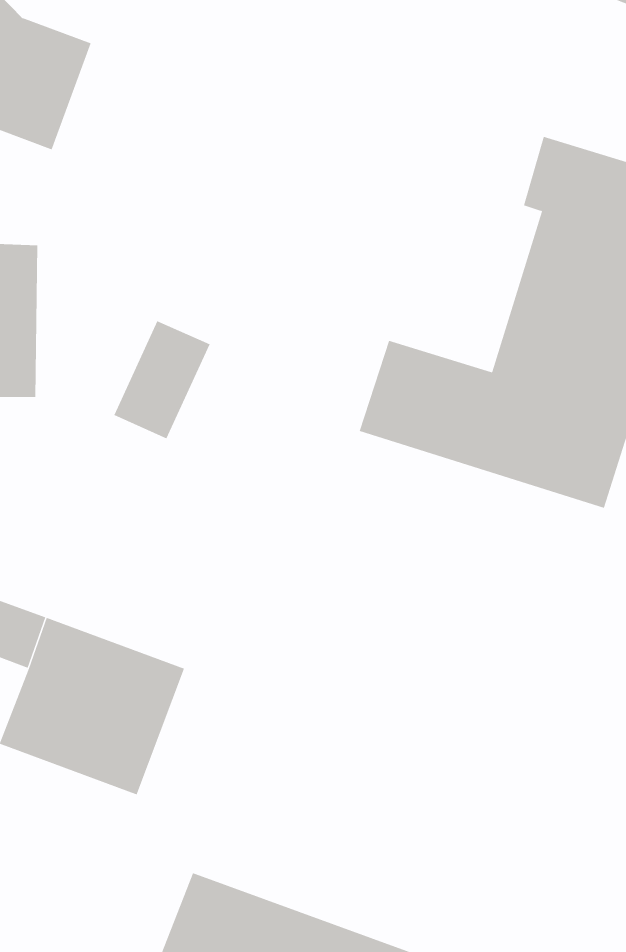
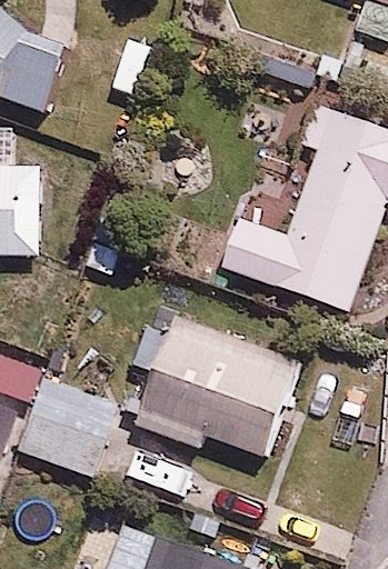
building: none -> [133,315,301,459]

